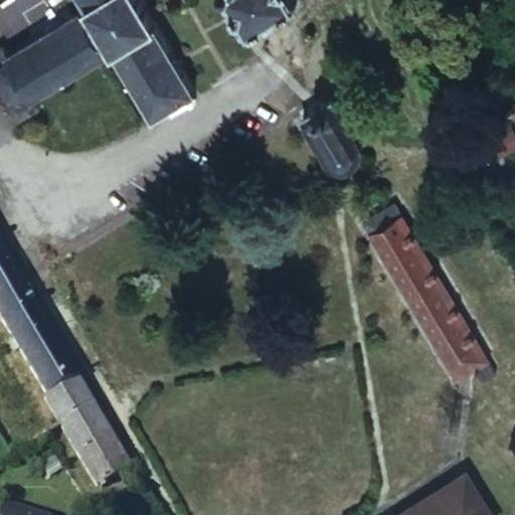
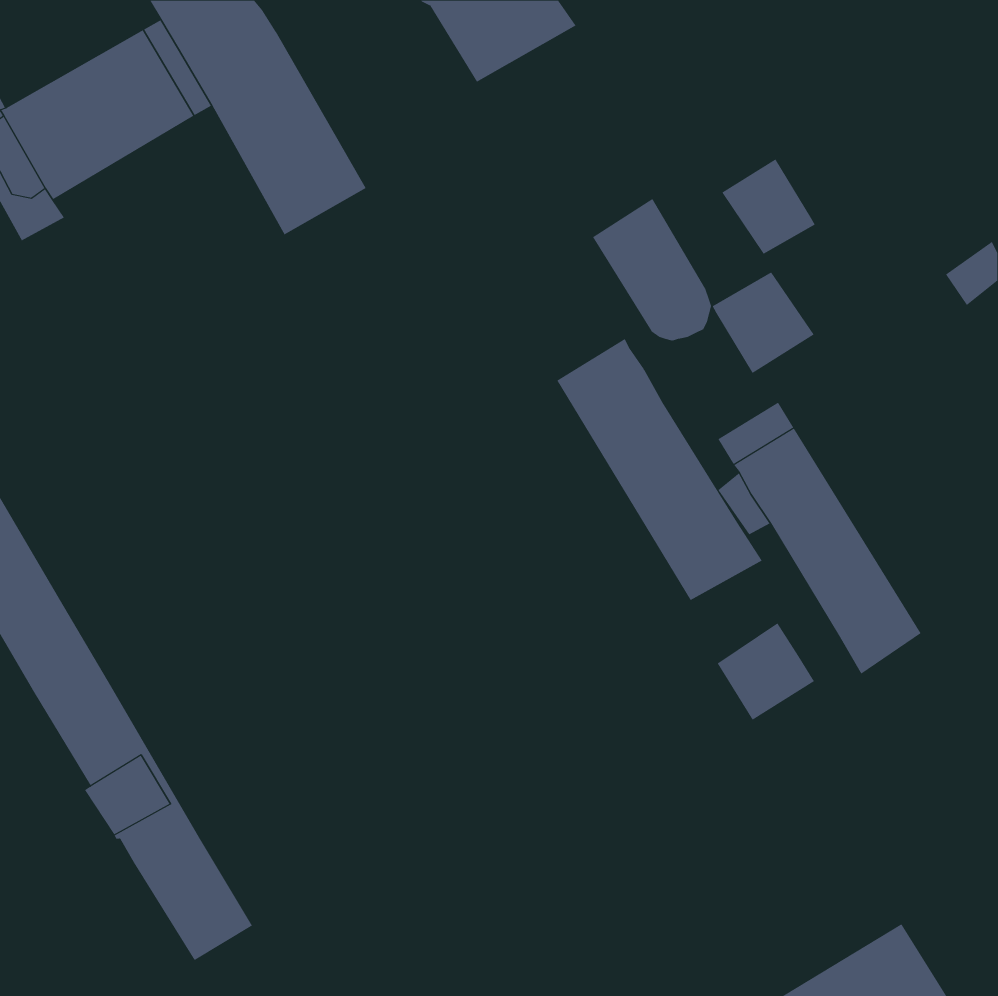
building: none -> [721,159,816,255]
building: none -> [712,271,815,374]
building: none -> [557,338,763,601]
building: [442,328,492,378] -> [717,622,815,720]

